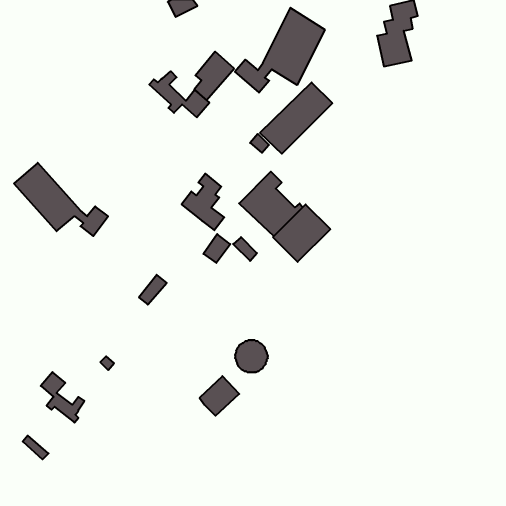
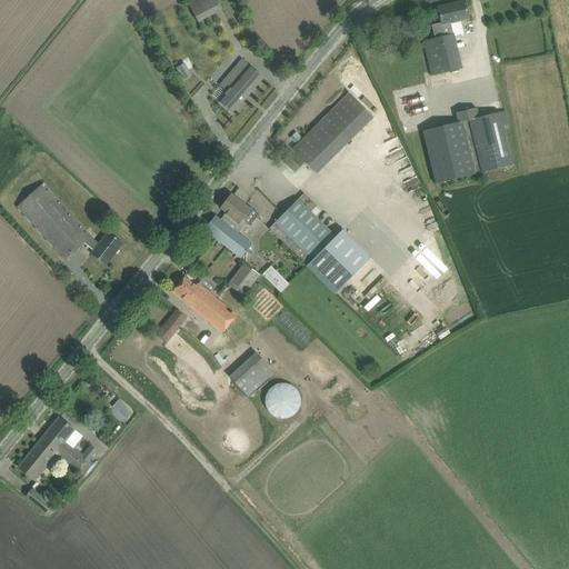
building: [235,8,325,93] -> none
building: [149,71,209,117] -> none
building: none -> [421,108,511,183]
building: none -> [171,277,234,332]
building: [200,376,239,416] -> [229,351,273,396]
building: none -> [18,432,60,478]

